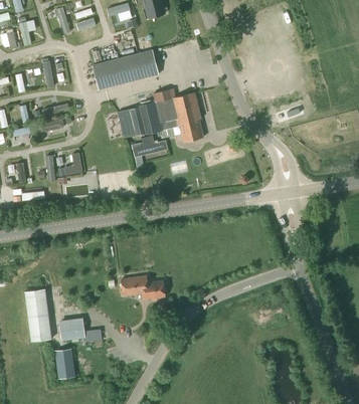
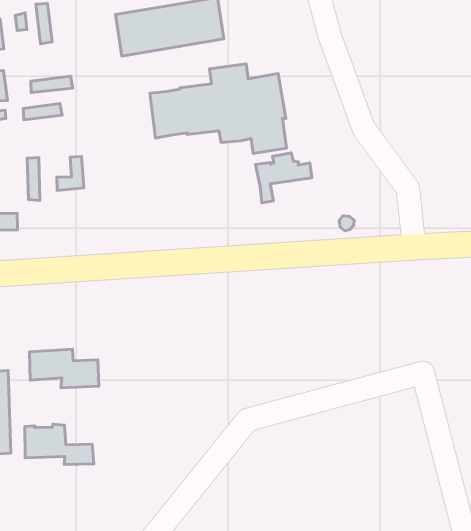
building: [131,135,166,167] -> [255,153,312,203]
building: [121,274,165,298] -> [30,349,99,388]
building: [54,347,75,378] -> none

